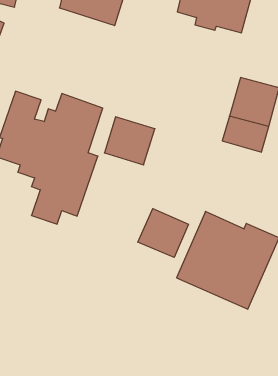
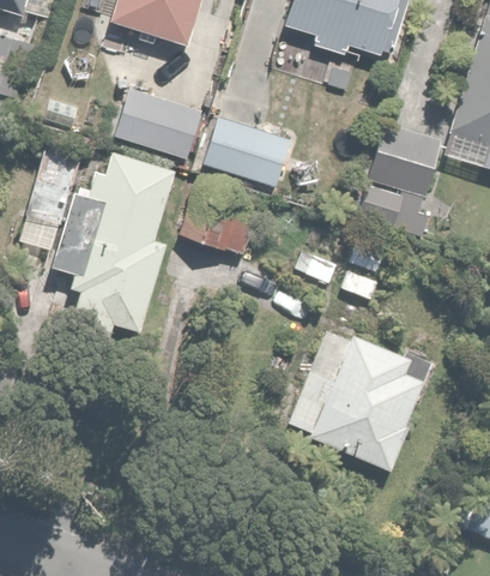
building: none -> [114,88,206,161]
building: none -> [202,114,292,187]
building: [138,209,189,257] -> none

